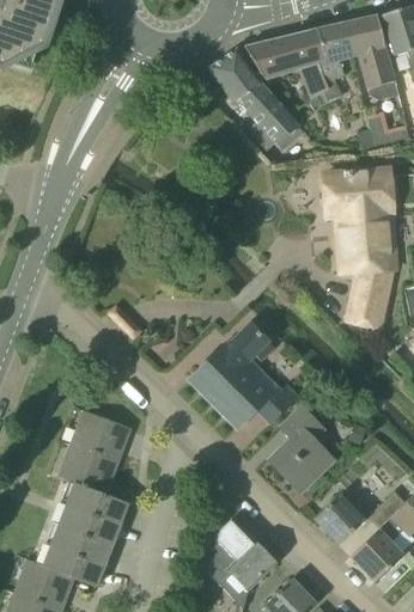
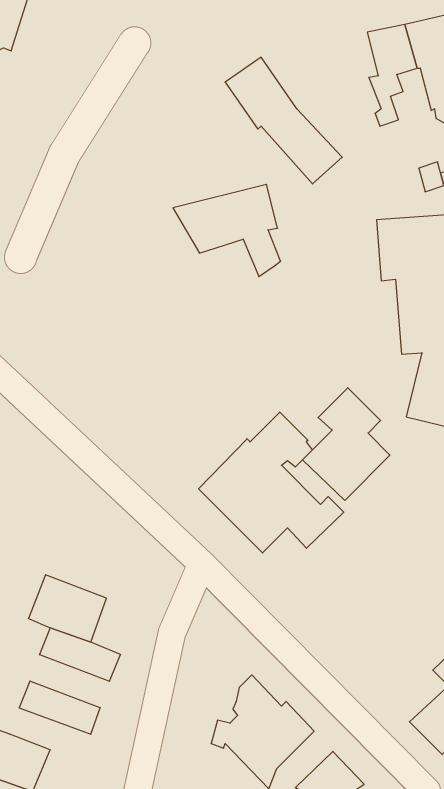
building: [245,29,328,99] -> [173,184,281,277]
building: [266,404,333,490] -> [303,388,390,500]
building: [71,410,132,461] -> none
building: [313,492,365,544] -> none
building: [59,504,120,545] -> none
building: [43,545,105,586] -> none

